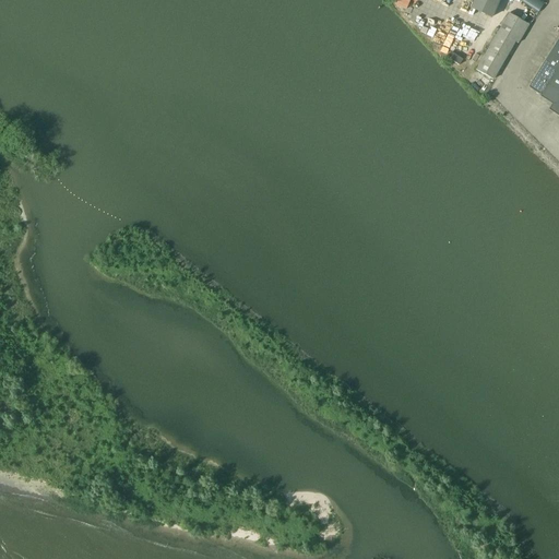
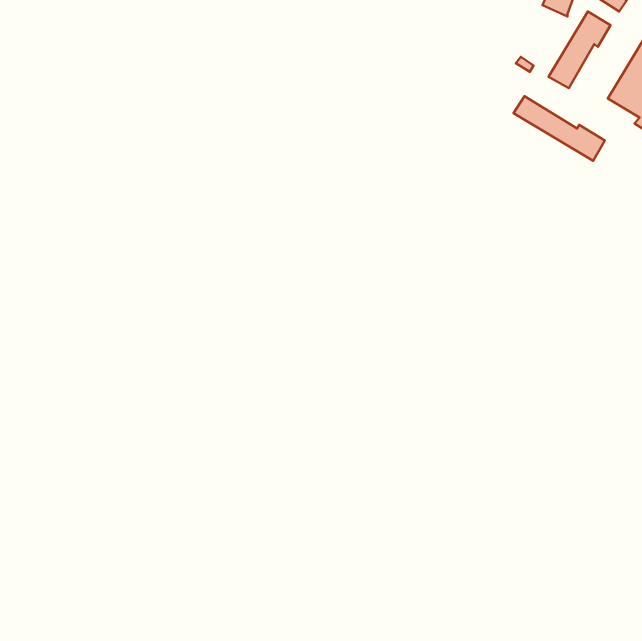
building: none -> [513,96,605,161]

